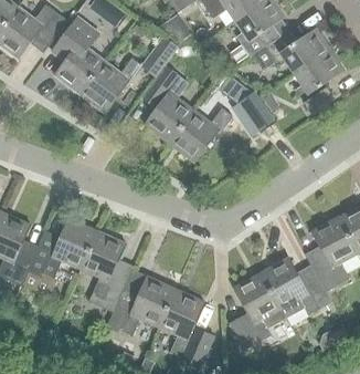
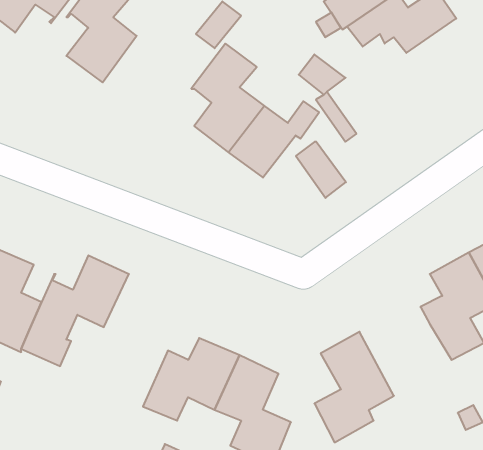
building: [294,49,343,113] -> none
building: [78,58,141,113] -> none
building: [237,91,273,131] -> [296,142,346,198]
building: [80,230,133,311] -> none
building: [261,257,331,316] -> none

